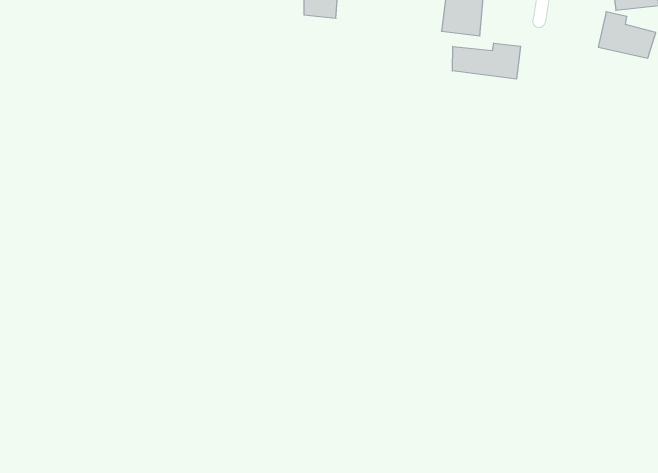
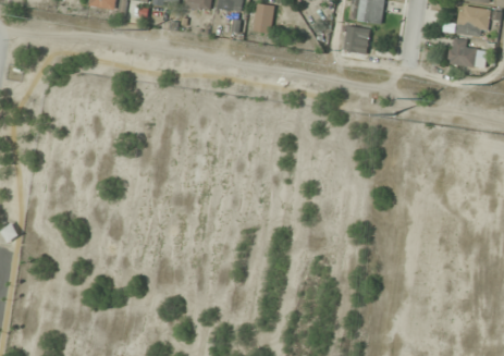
building: [452,43,521,79] -> none

